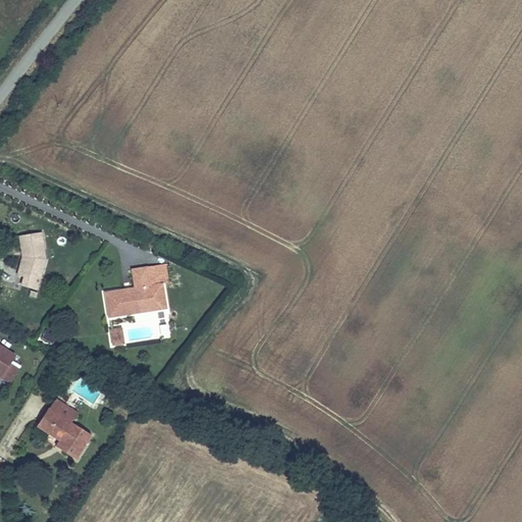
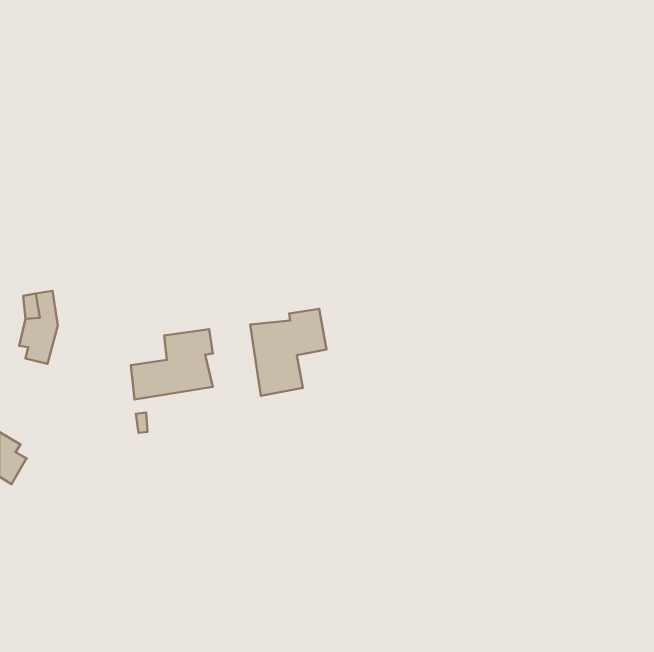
building: none -> [250,309,326,396]
building: [37,398,90,462] -> none

